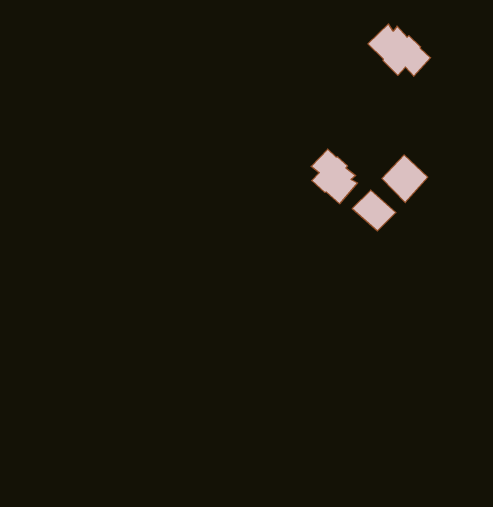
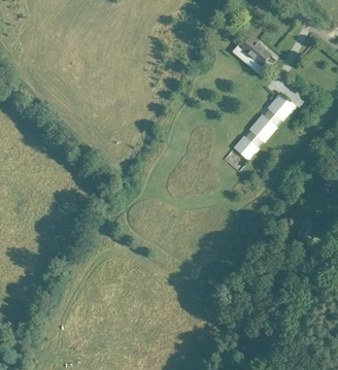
building: none -> [266,93,294,121]
building: [311,149,358,204] -> none

